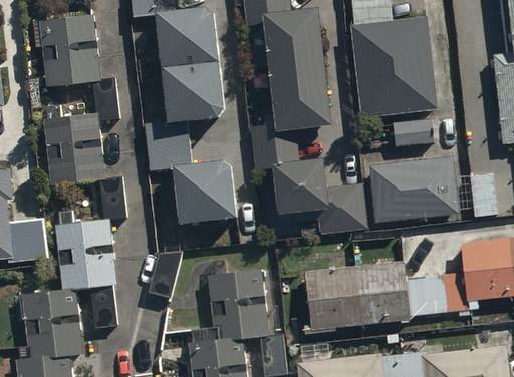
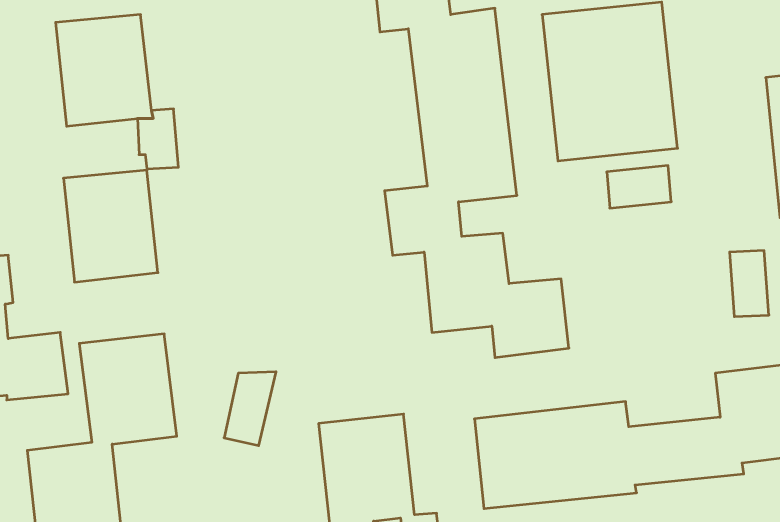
building: [145,10,238,229] -> none
building: [366,148,457,215] -> none

